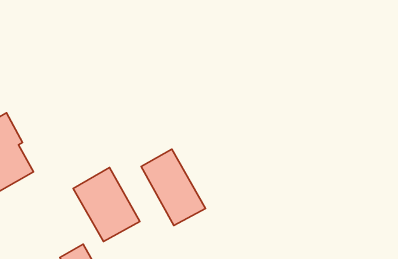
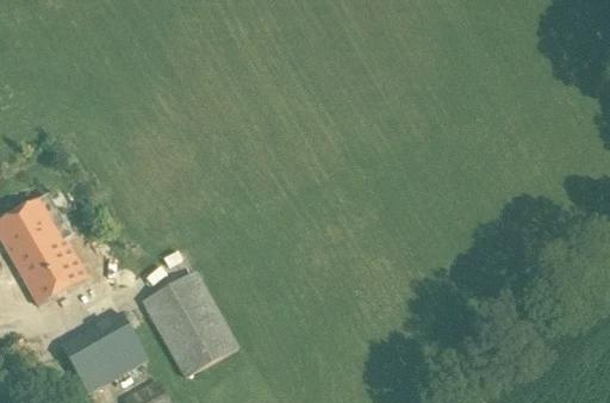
building: [141,149,205,226] -> none
building: none -> [62,312,148,393]

